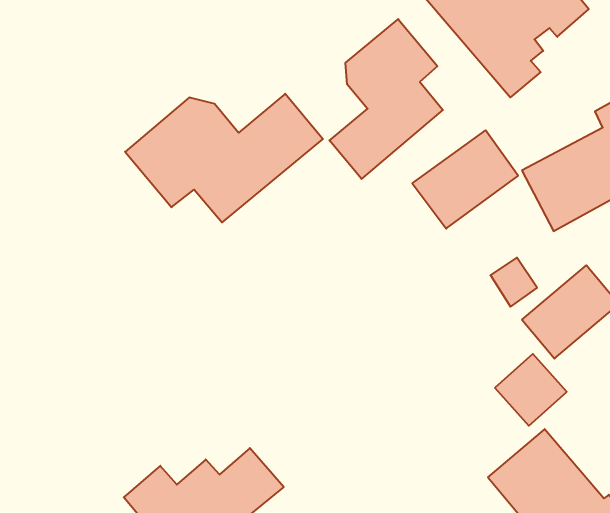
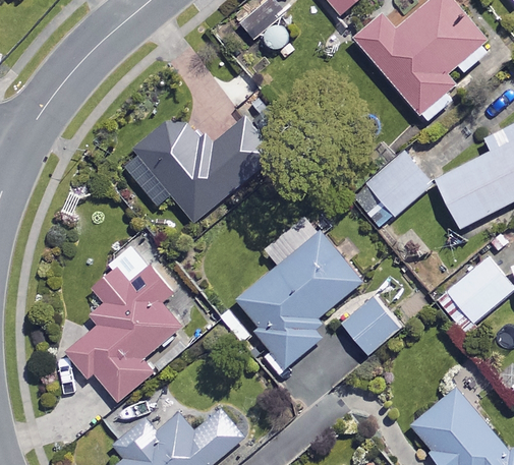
building: [329,19,443,179] -> none
building: none -> [239,218,360,367]
building: none -> [67,245,181,401]
building: [495,354,567,426] -> [342,296,400,354]

